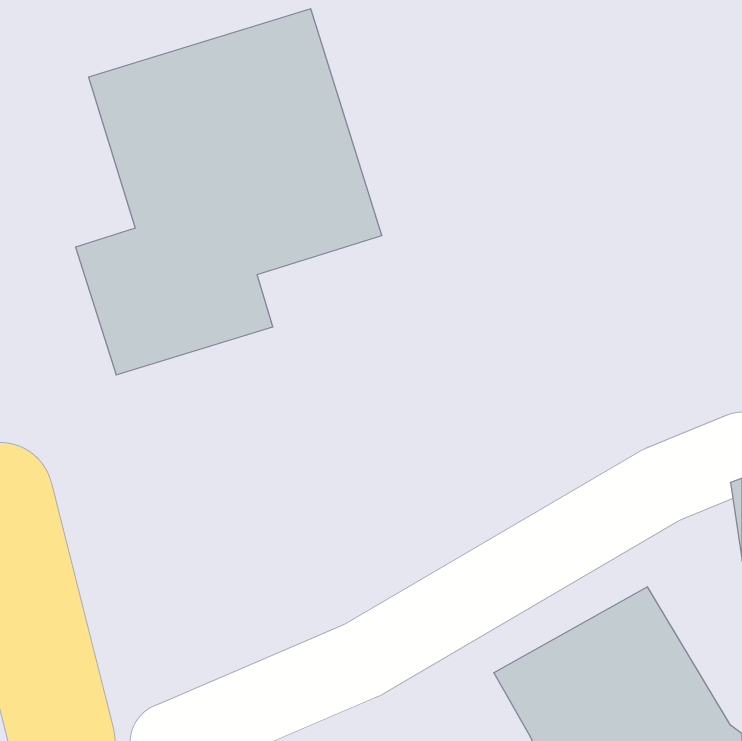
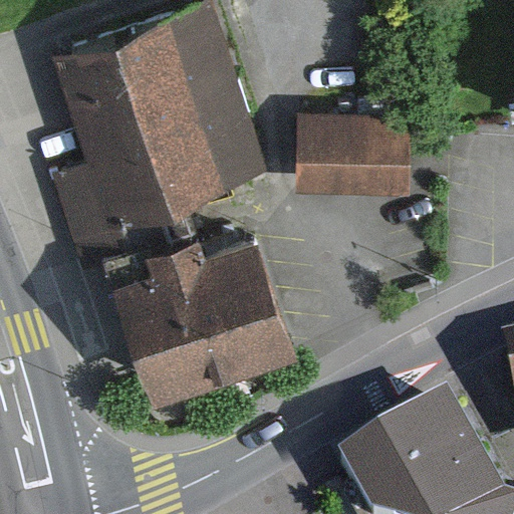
building: none -> [298,119,408,196]
building: none -> [114,210,288,388]

